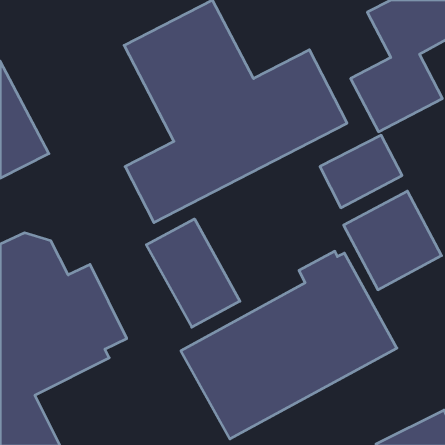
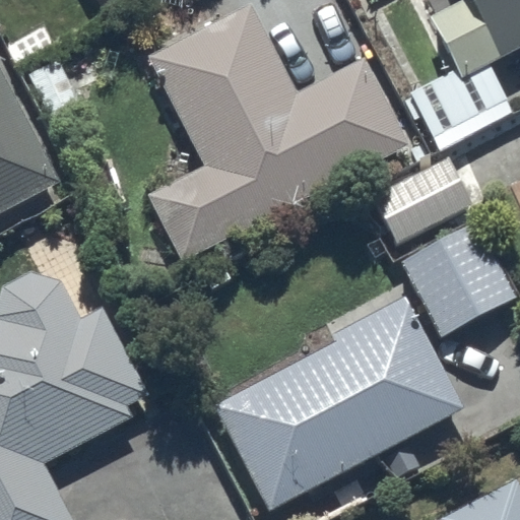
building: [146,219,240,327] -> none

